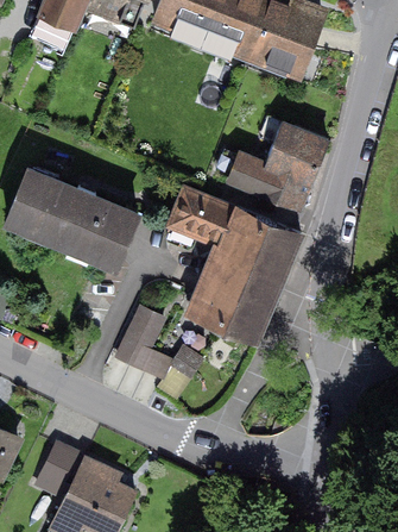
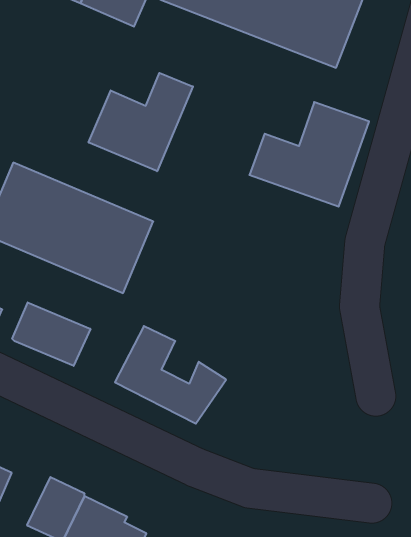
building: none -> [89,73,193,171]
building: [164,183,303,348] -> none
building: none -> [12,302,90,366]

